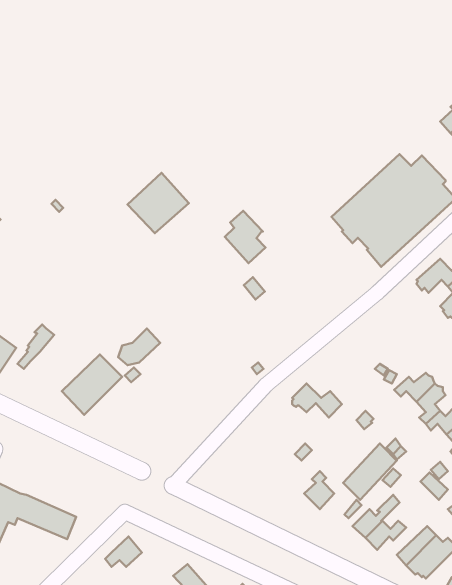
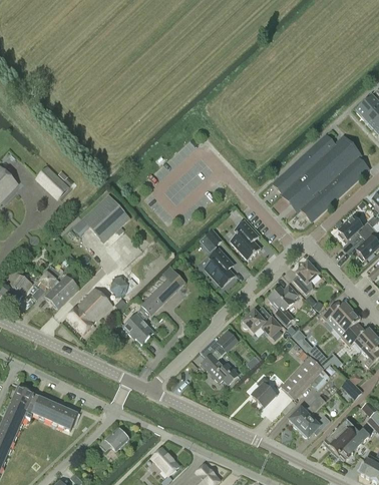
building: [127,173,189,233] -> [82,194,129,240]
building: none -> [37,166,68,196]
building: [225,211,265,263] -> [230,219,261,260]
building: none -> [206,249,234,287]
building: none -> [292,261,318,294]
building: none -> [45,275,78,308]
building: none -> [123,279,175,344]
building: none -> [268,284,298,325]
building: none -> [200,331,238,384]

